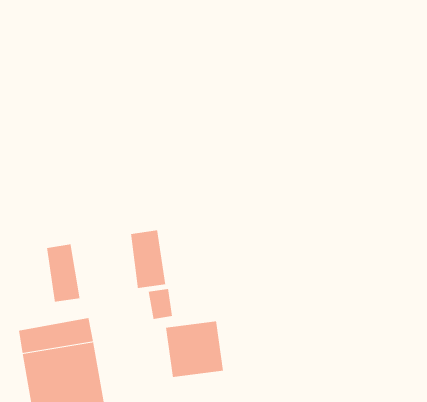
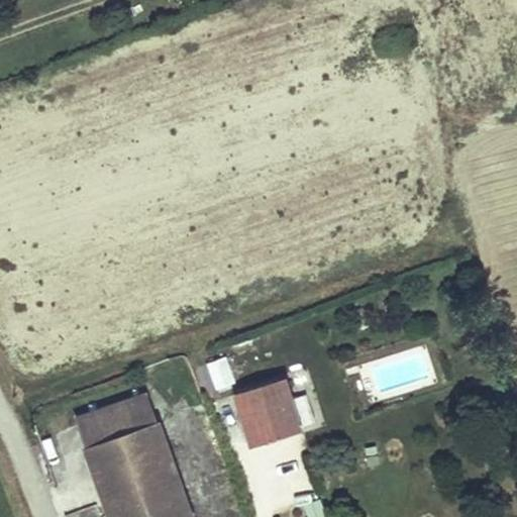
building: [131,229,166,289] -> none
building: [47,244,80,303] -> none

